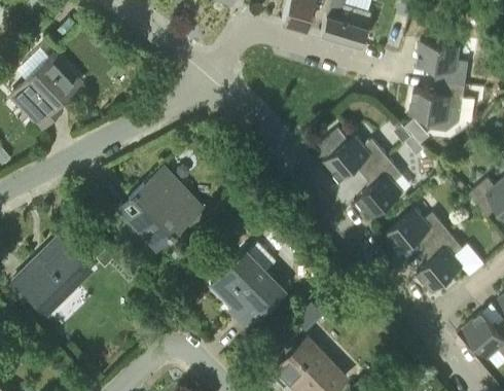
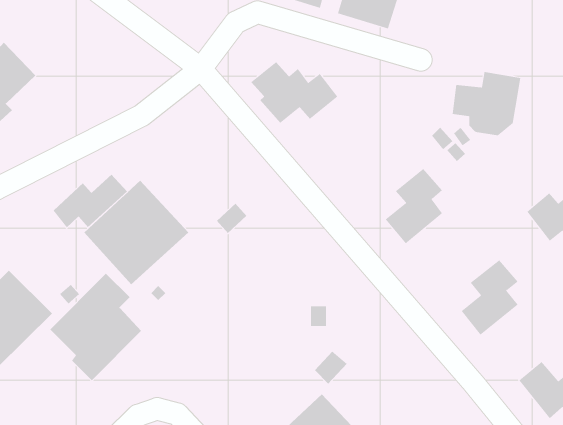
building: [418,42,469,86] -> none
building: [318,131,388,180] -> [251,62,338,123]
building: none -> [53,174,128,228]
building: [386,210,448,253] -> none
building: [210,243,284,329] -> [49,273,142,381]

